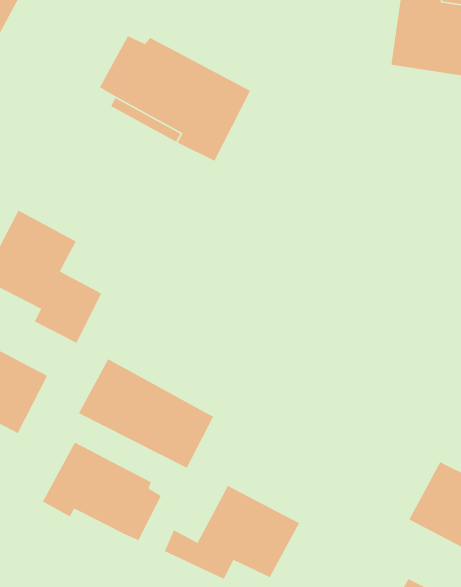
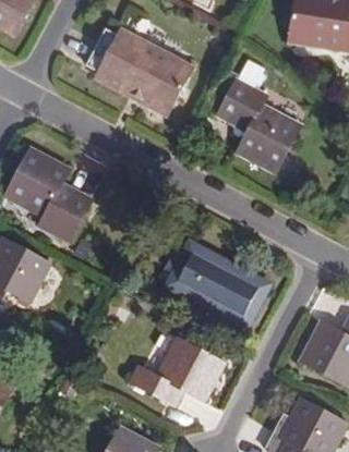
building: none -> [217,80,300,172]
building: [78,358,214,469] -> [171,244,265,320]
building: [42,442,162,541] -> none

